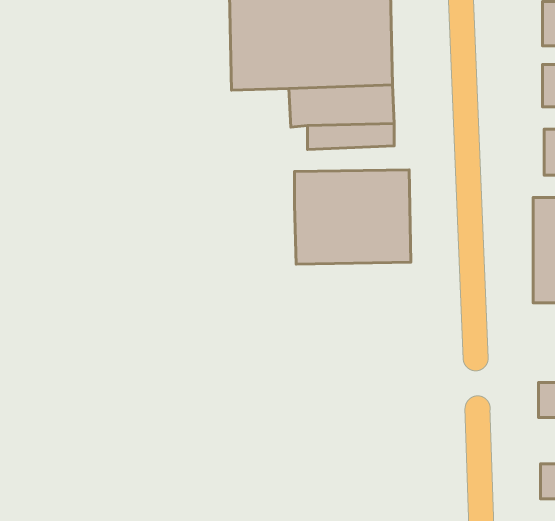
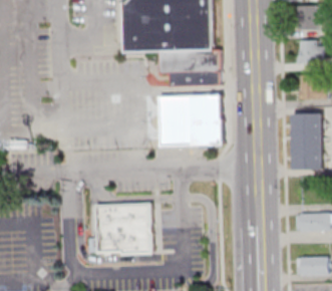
building: none -> [95,200,152,254]

